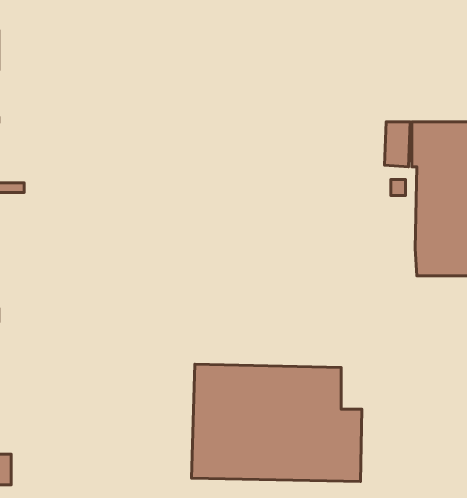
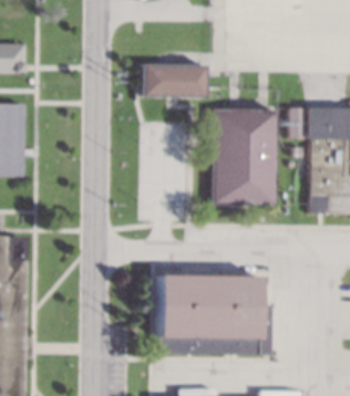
building: none -> [142,64,205,96]
building: none -> [212,108,275,204]

